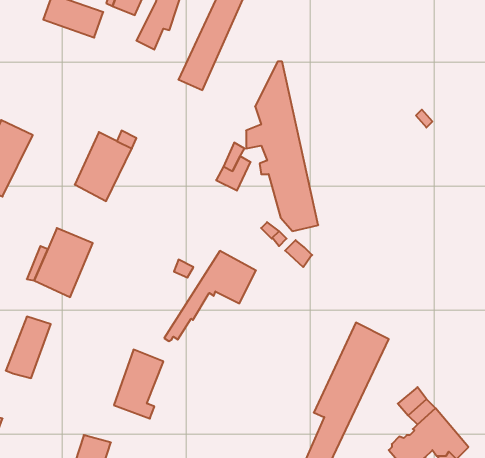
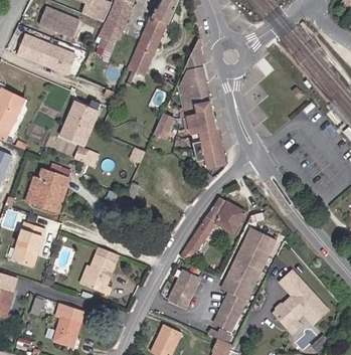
building: none -> [16,34,75,72]
building: [164,251,256,341] -> [180,198,241,258]
building: none -> [166,271,198,309]

